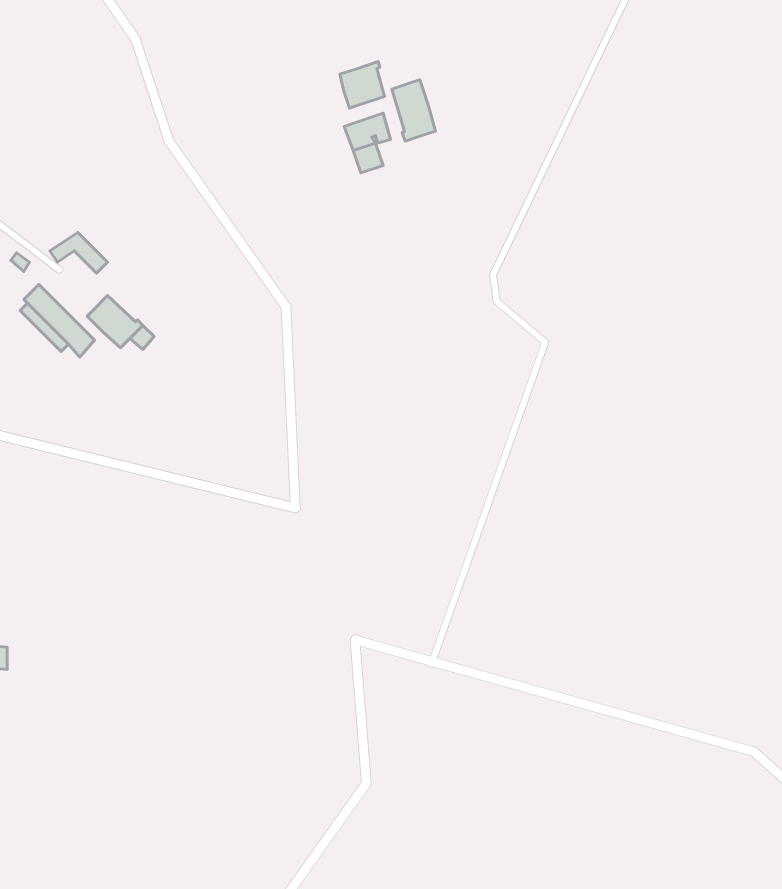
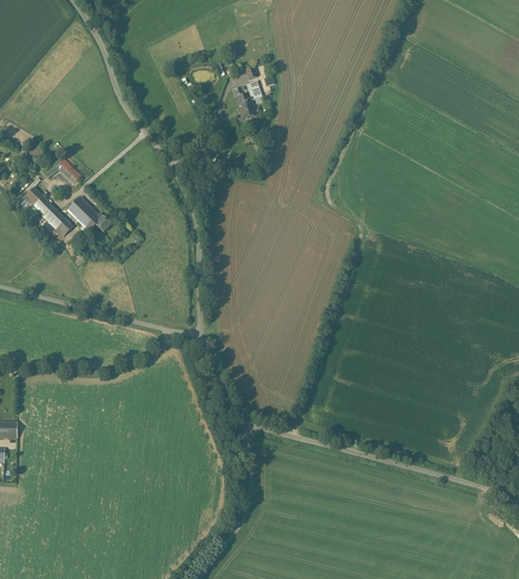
building: [340,62,384,108] -> none
building: [392,80,436,141] -> none

